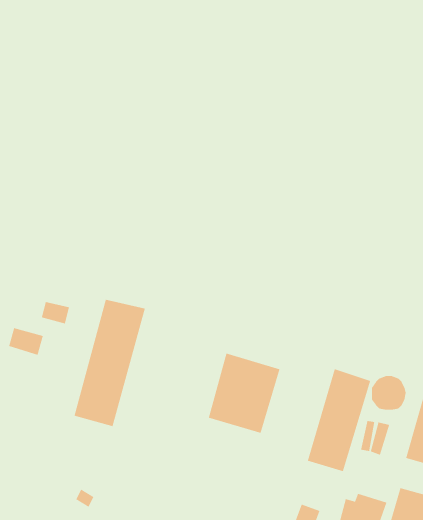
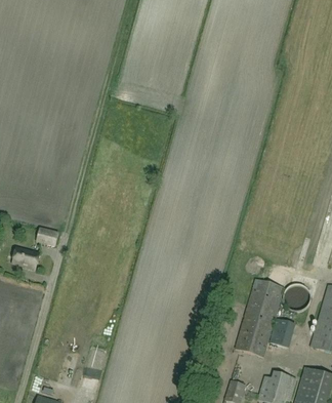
building: [73,299,146,427] -> none
building: [208,352,280,434] -> none

